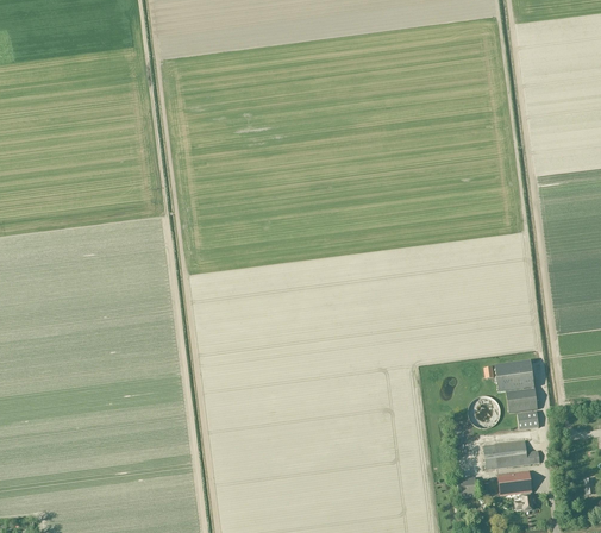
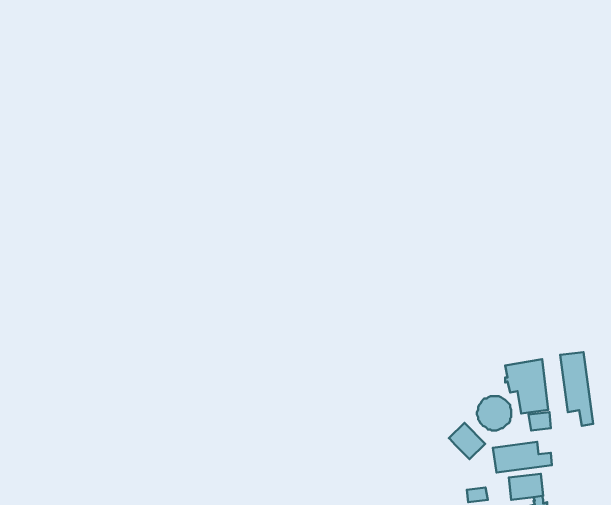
building: none -> [560,352,593,426]
building: none -> [449,423,485,459]

